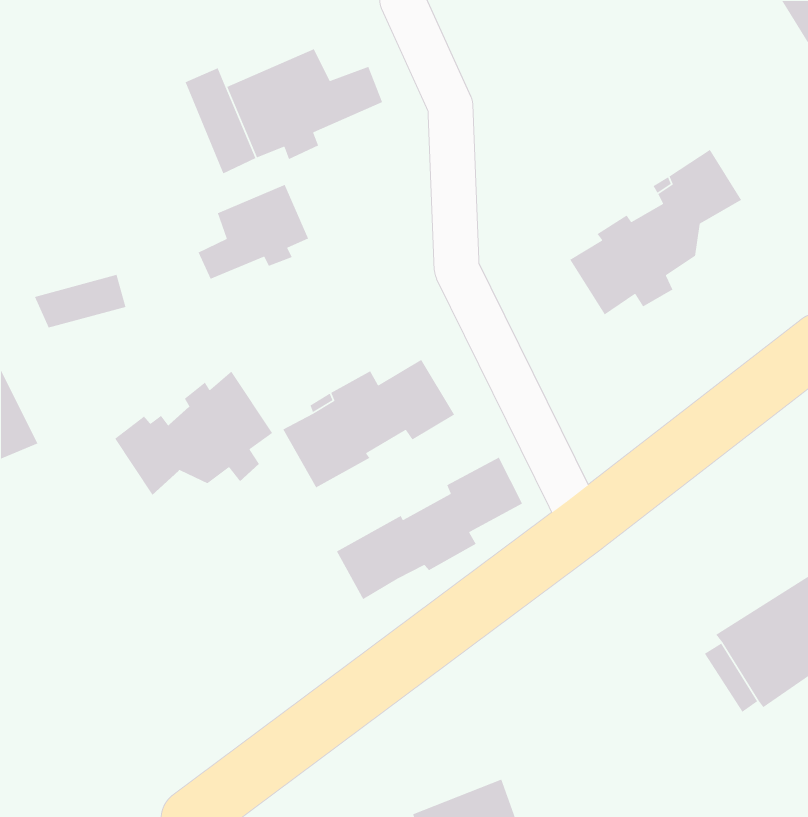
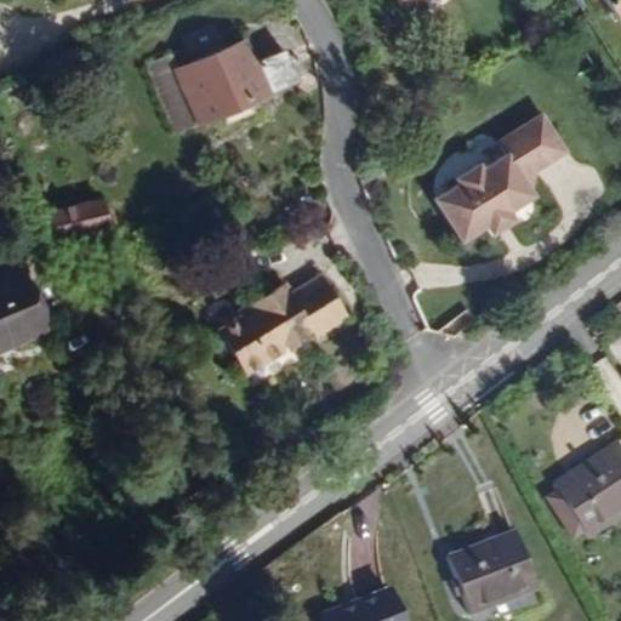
building: [197,184,309,280] -> none
building: [114,371,273,496] -> none
building: [336,456,523,600] -> none
building: none -> [445,528,535,613]

